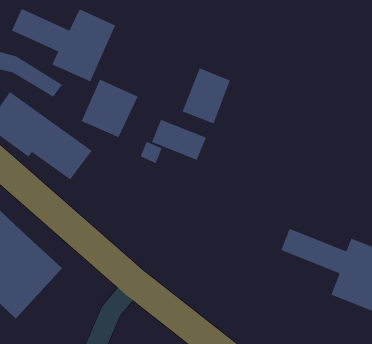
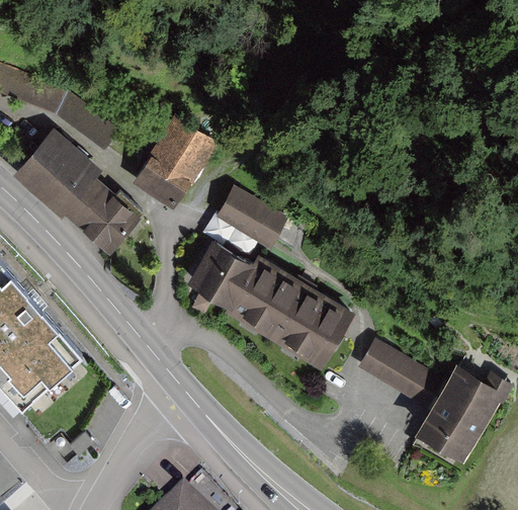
building: [11,8,116,82] -> none
building: [182,68,231,124] -> none
building: none -> [187,241,353,369]

